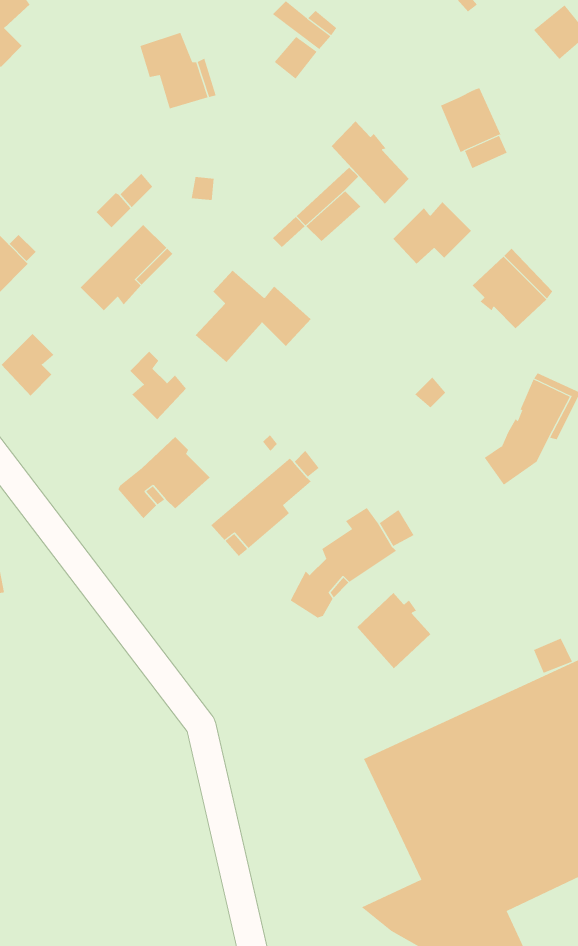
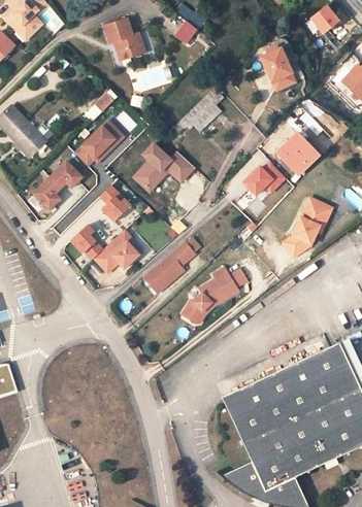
building: [331,121,410,204] -> none
building: [393,201,472,264] -> [243,163,285,196]
building: none -> [48,161,81,188]
building: none -> [73,222,105,256]
building: [356,592,431,669] -> none

